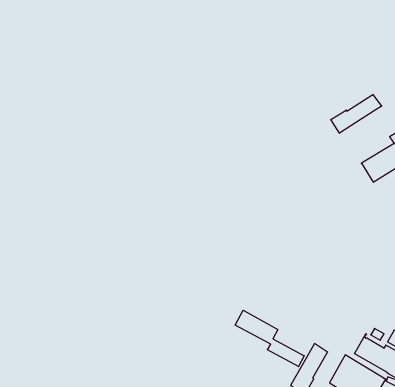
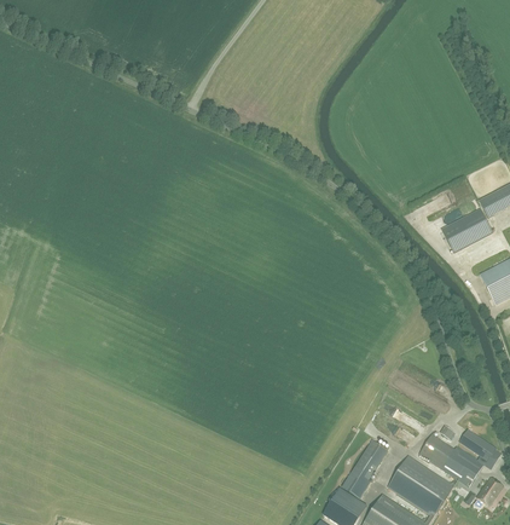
building: [331,95,382,133] -> none
building: [235,310,304,367] -> none

